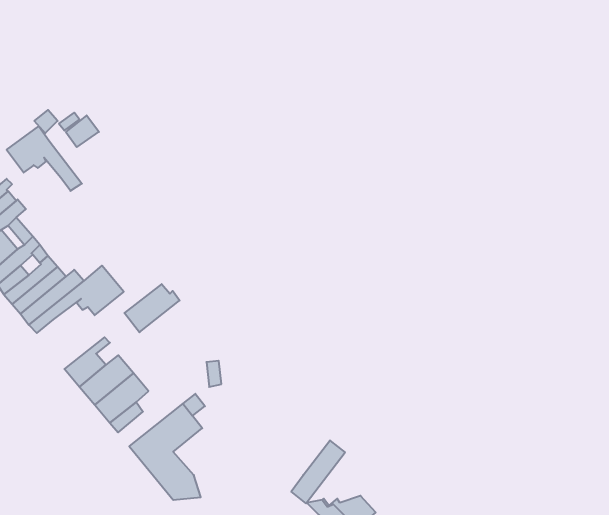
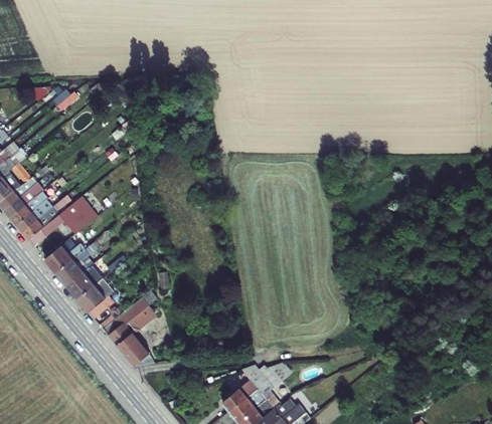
building: [7,126,82,191] -> none
building: [124,284,180,332] -> [43,238,84,273]
building: [291,440,345,503] -> none

